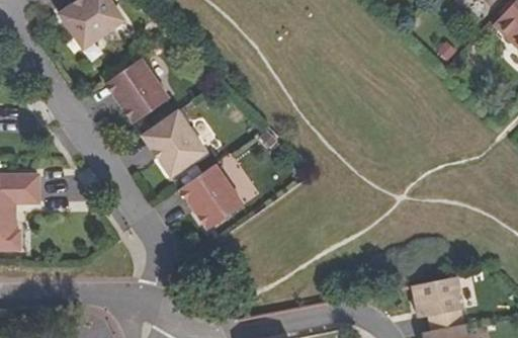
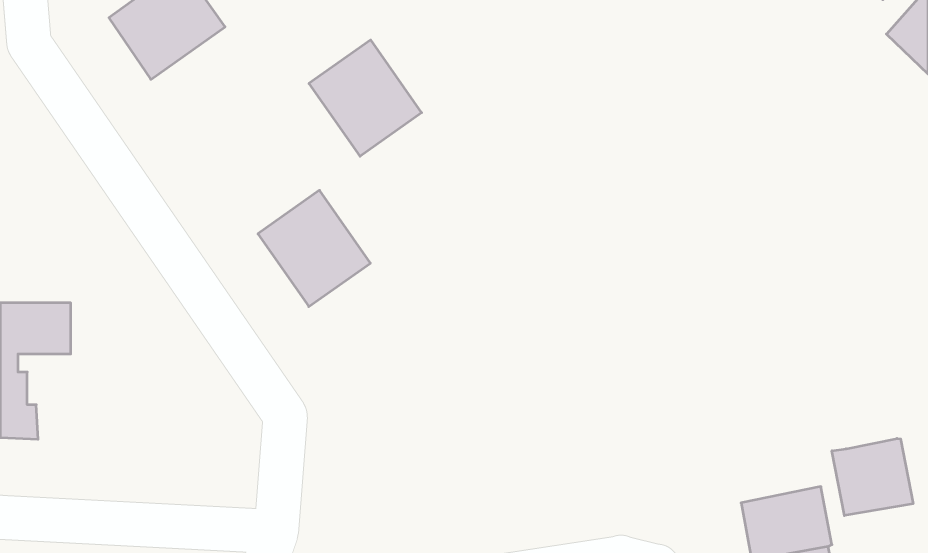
building: [106,59,169,123] -> [309,40,422,156]
building: [180,165,243,230] -> none
building: none -> [832,438,913,516]

